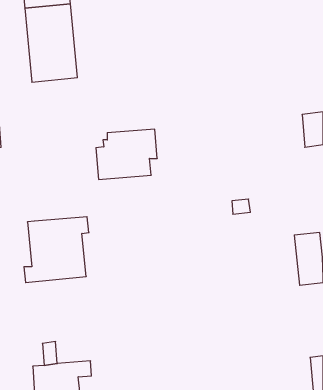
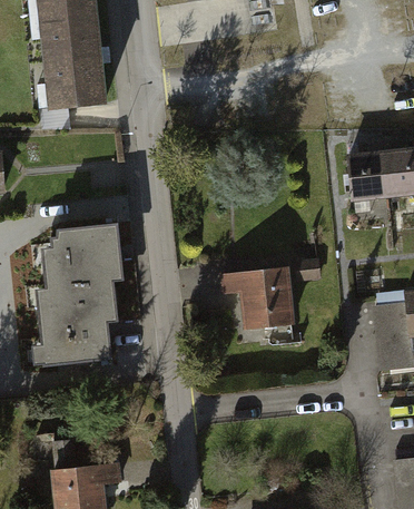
building: none -> [349,151,390,196]
building: [96,129,157,179] -> [43,223,121,286]
building: none -> [224,266,293,325]

